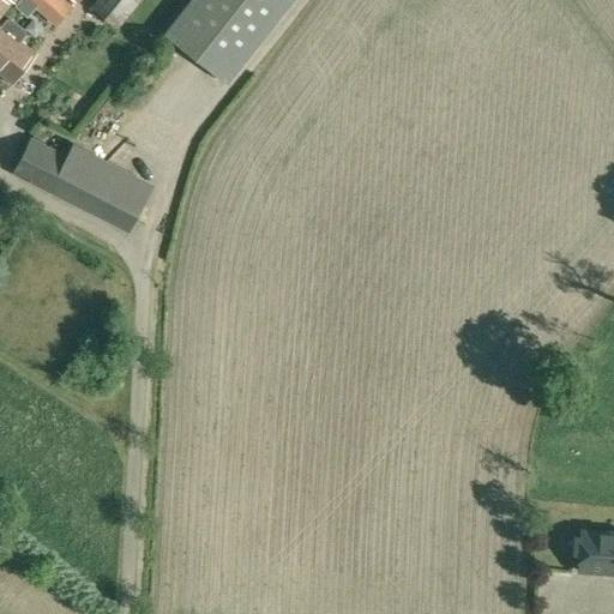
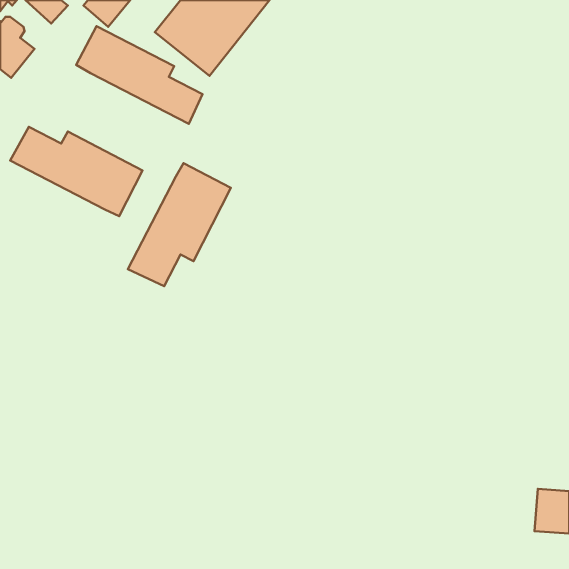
building: none -> [76,26,202,124]
building: none -> [128,163,231,286]

